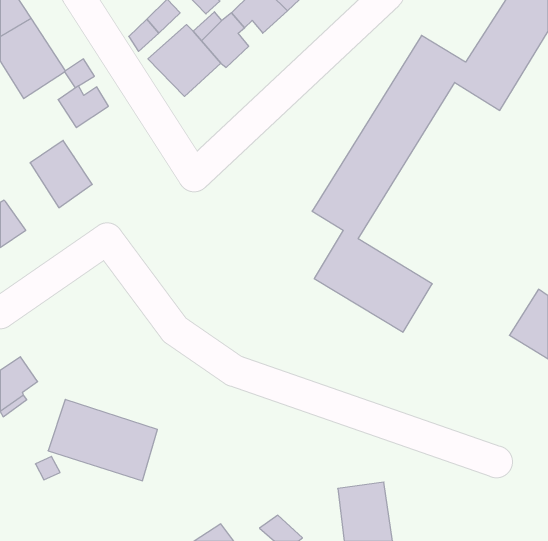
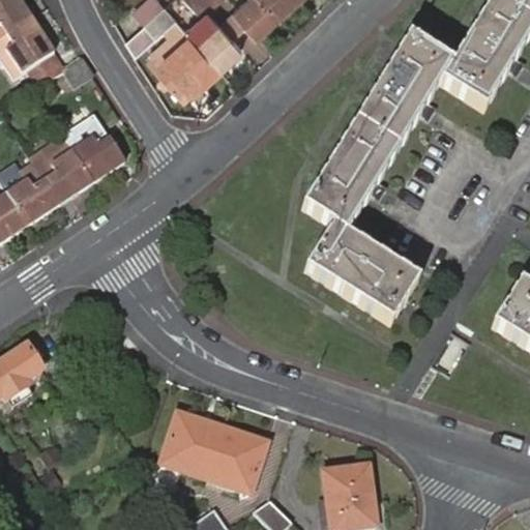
building: [58,86,108,128] -> [71,138,120,178]
building: none -> [5,164,57,223]
building: [48,399,157,481] -> [161,415,267,494]

